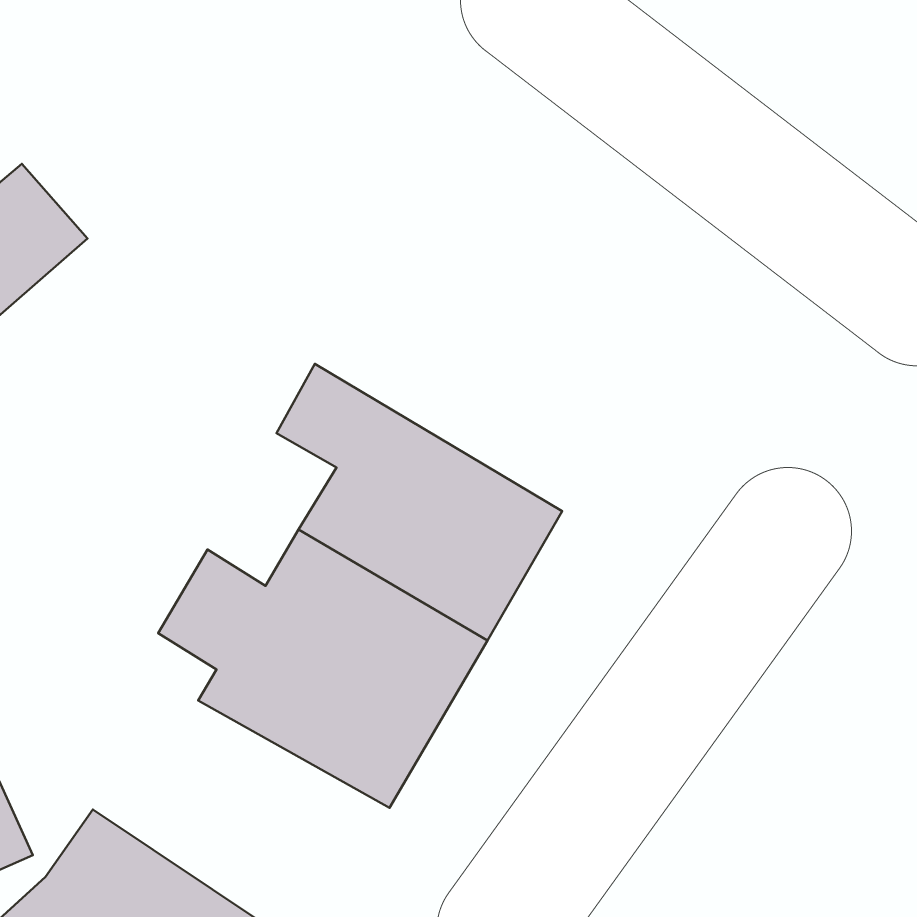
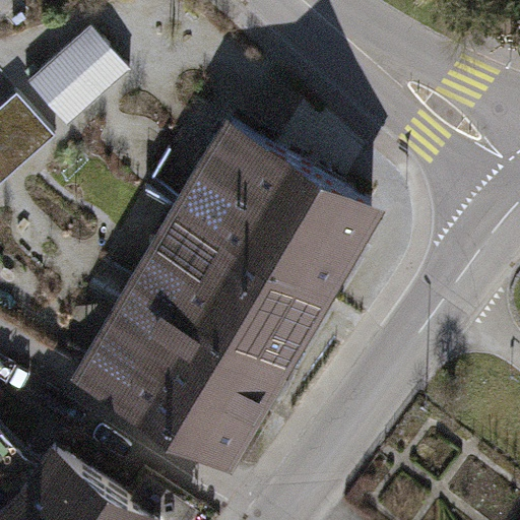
building: none -> [23,35,122,131]
building: none -> [176,122,367,292]

